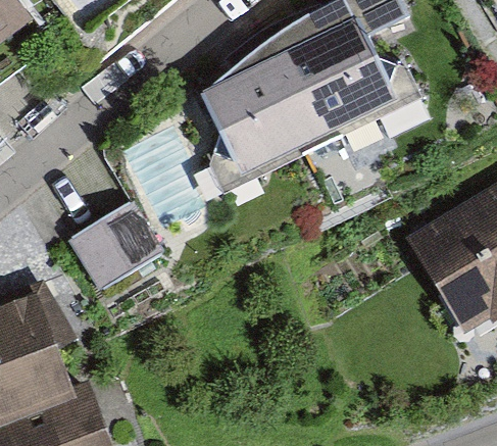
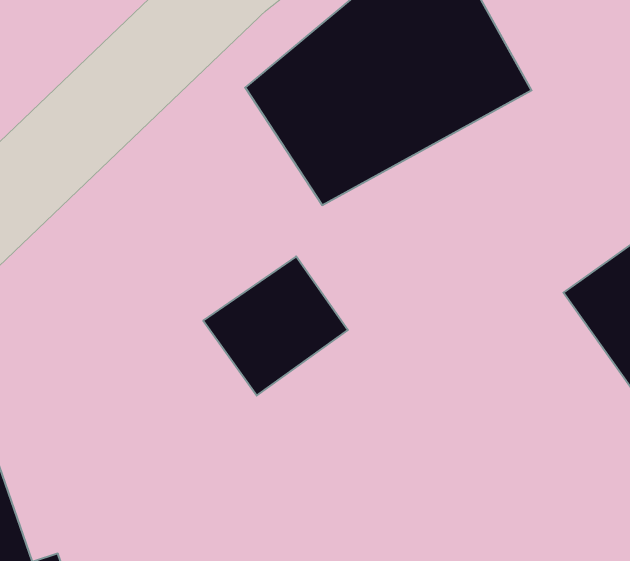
building: [69,201,165,292] -> [203,256,348,396]

